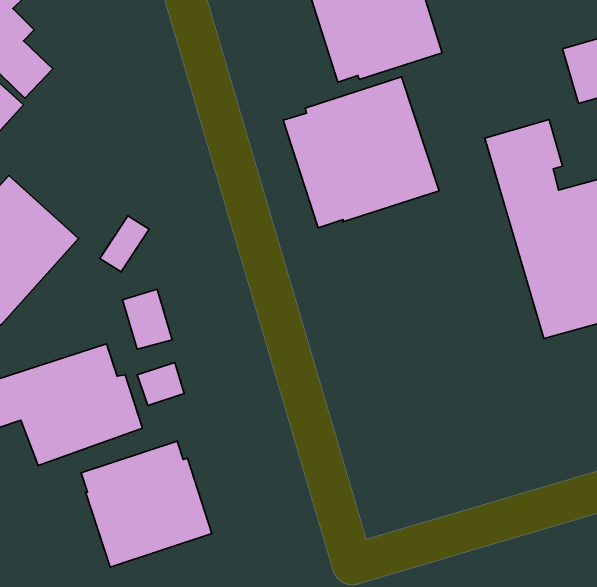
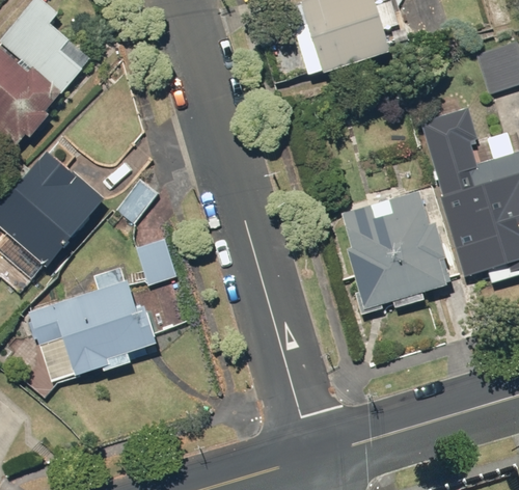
building: [283,77,439,228] -> none
building: none -> [343,191,447,308]
building: [81,441,212,567] -> none

